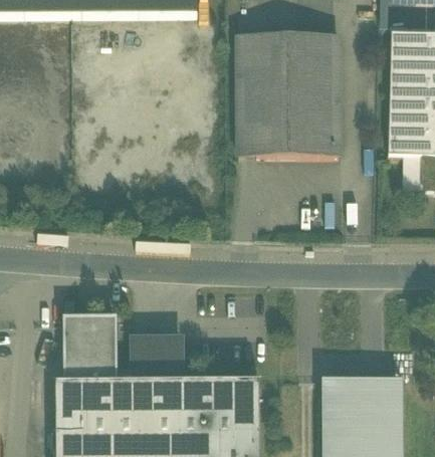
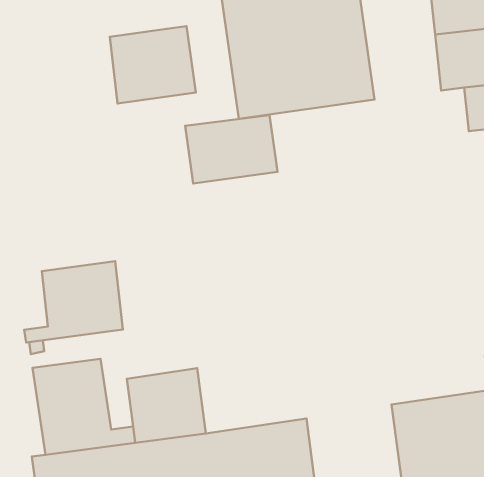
building: none -> [110,26,196,103]
building: none -> [185,115,277,184]
building: none -> [24,261,123,342]

